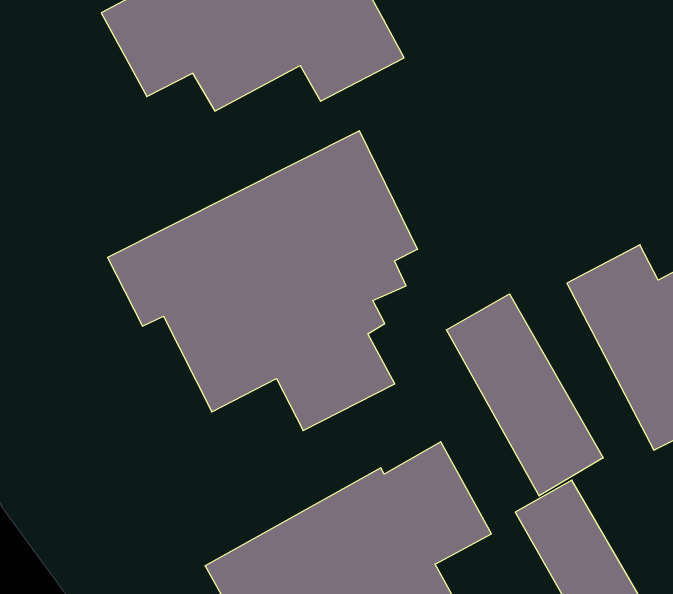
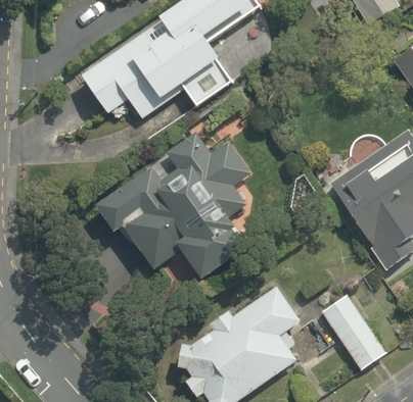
building: [446,294,603,496] -> none

